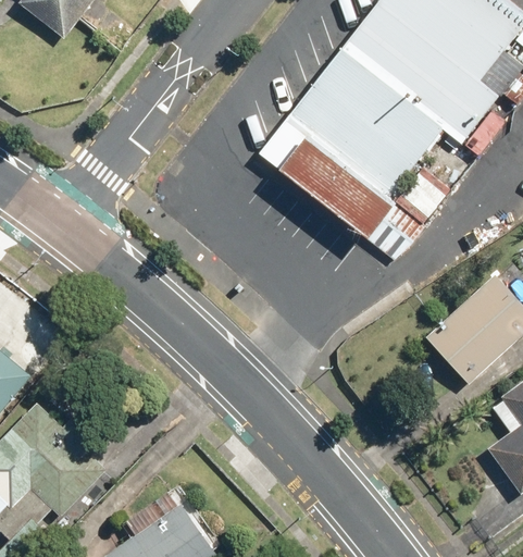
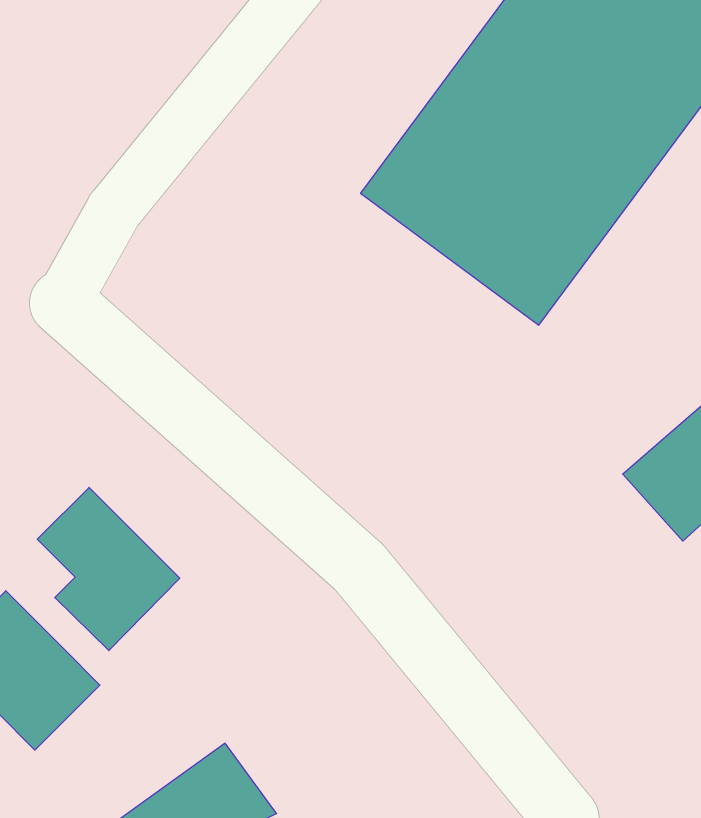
building: none -> [37,487,180,651]

